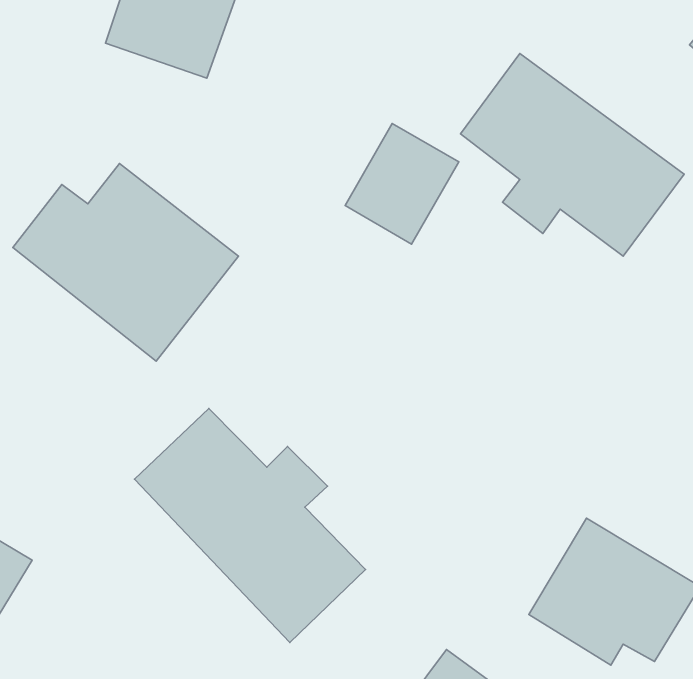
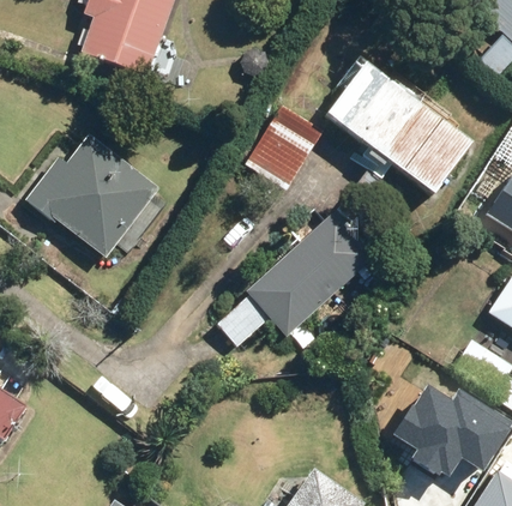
building: none -> [215,207,380,349]
building: [135,408,365,642] -> none

